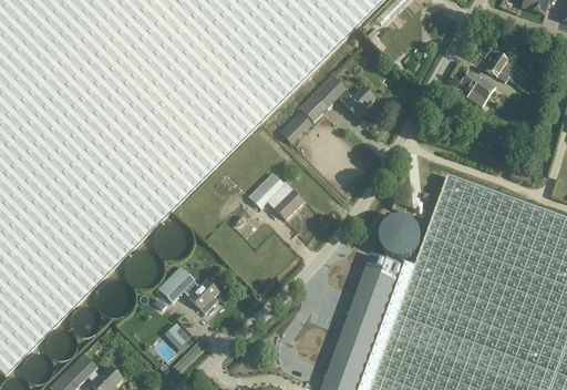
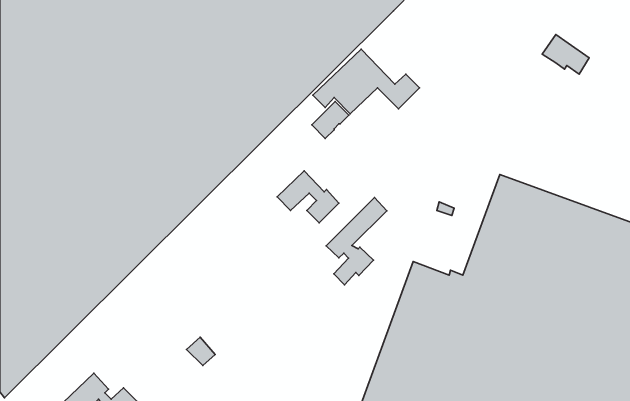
building: [460,71,495,106] -> none
building: none -> [326,198,387,285]
building: [380,222,415,258] -> none
building: [157,265,219,314] -> none

